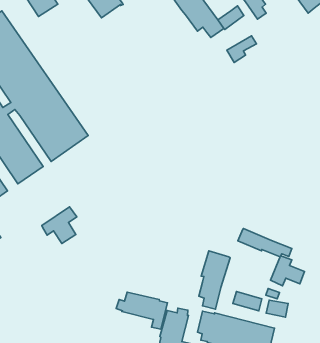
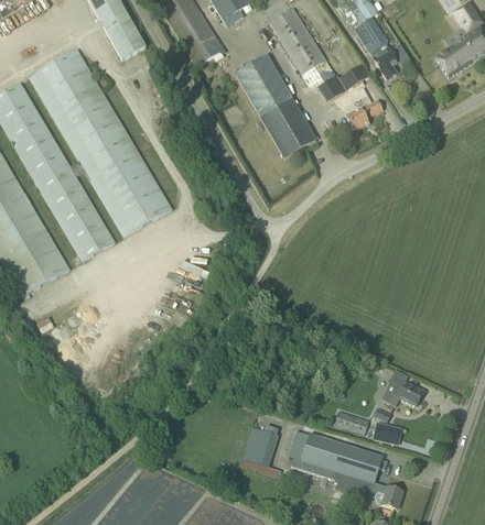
building: none -> [236,55,316,158]
building: [42,207,77,243] -> none
building: [238,228,292,257] -> none
building: [199,251,230,309] -> none
building: [116,292,167,329] -> none

